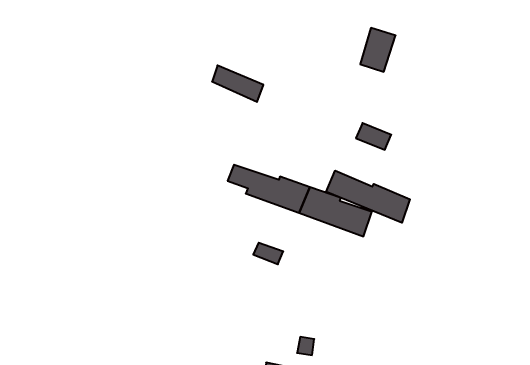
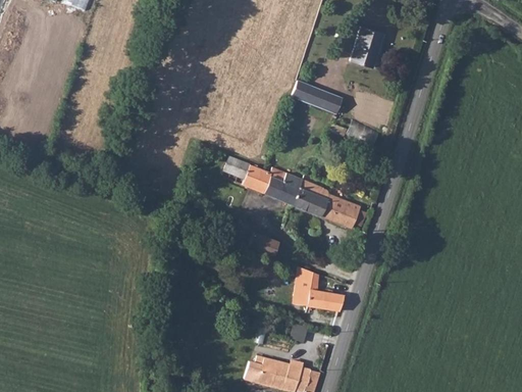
building: [212,65,263,102] -> [291,81,340,115]
building: [326,171,410,223] -> none
building: none -> [295,264,345,309]

